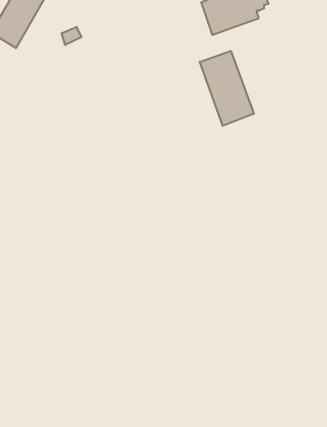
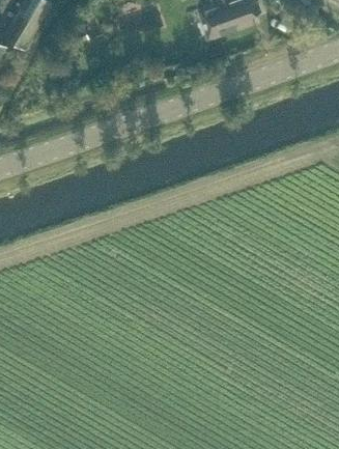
building: [200,51,254,126] -> none

